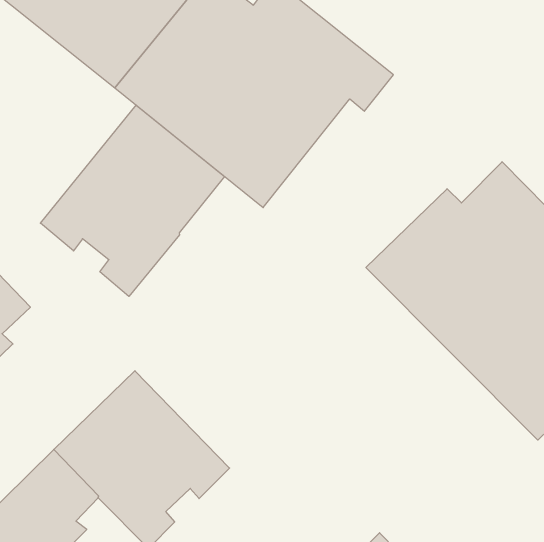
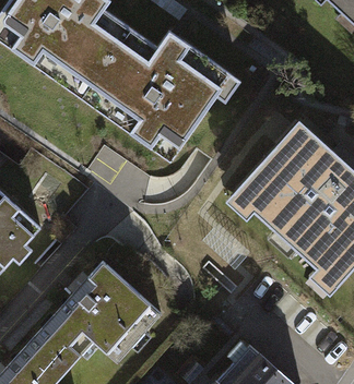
building: [40,105,224,296] -> none

